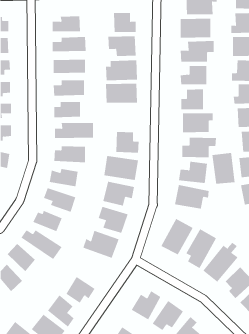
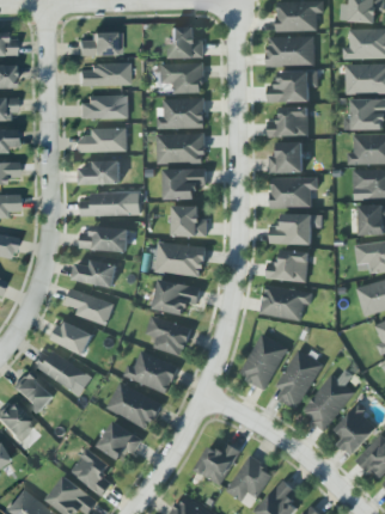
building: none -> [164,167,207,198]
building: [212,152,235,184] -> none
building: none -> [106,381,163,429]

